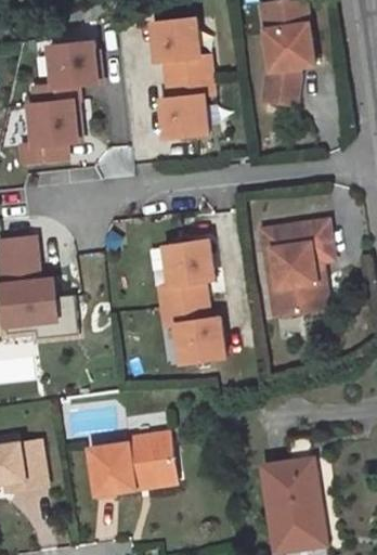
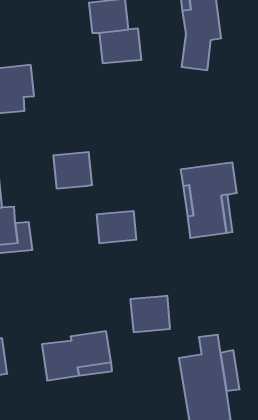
building: [44,39,96,86] -> none
building: [156,93,205,137] -> none
building: [161,240,210,285] -> [53,152,92,188]
building: [172,317,222,362] -> [130,296,170,332]

